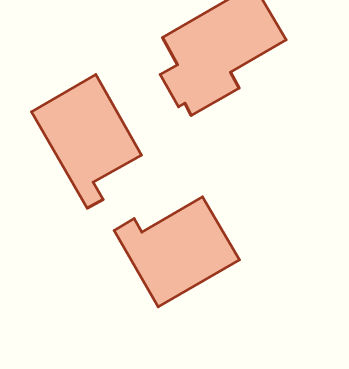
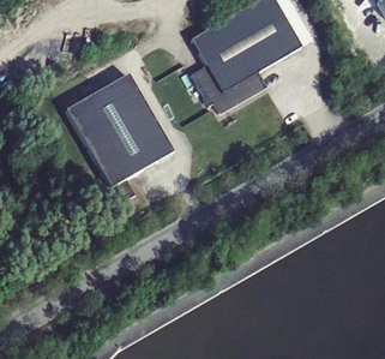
building: [114,197,240,307] -> none

